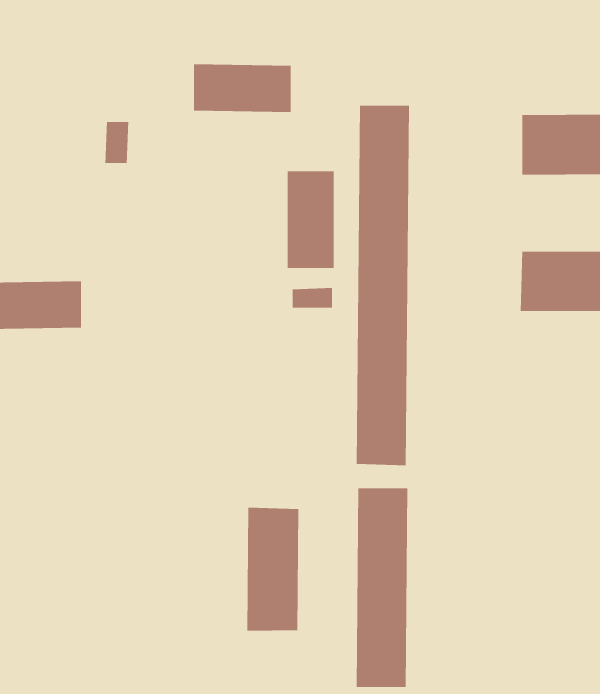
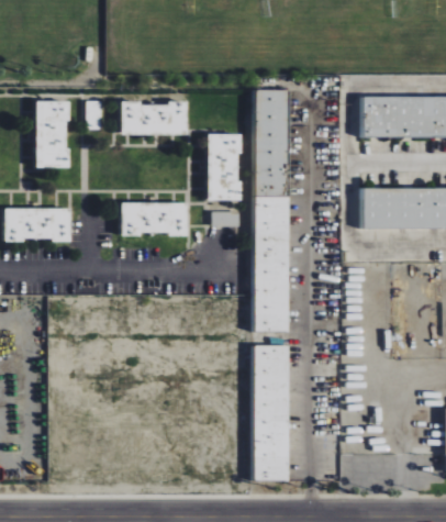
building: [193,64,292,113] -> [121,102,187,135]
building: none -> [35,102,68,168]
building: none -> [121,202,187,235]
building: [247,507,299,632] -> none

